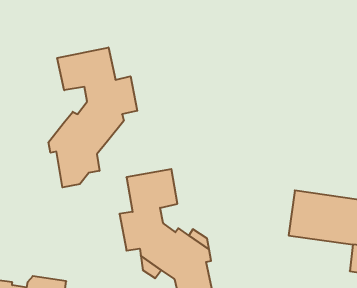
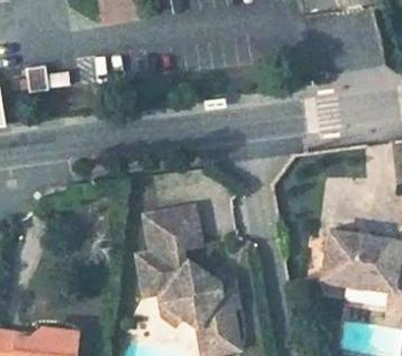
building: [48,47,137,187] -> none

